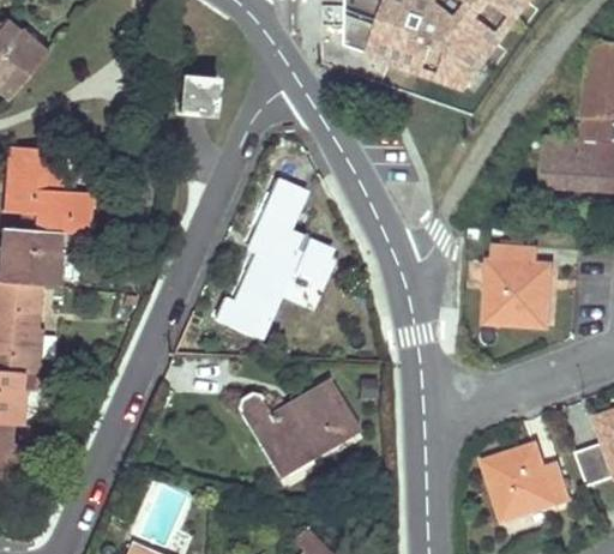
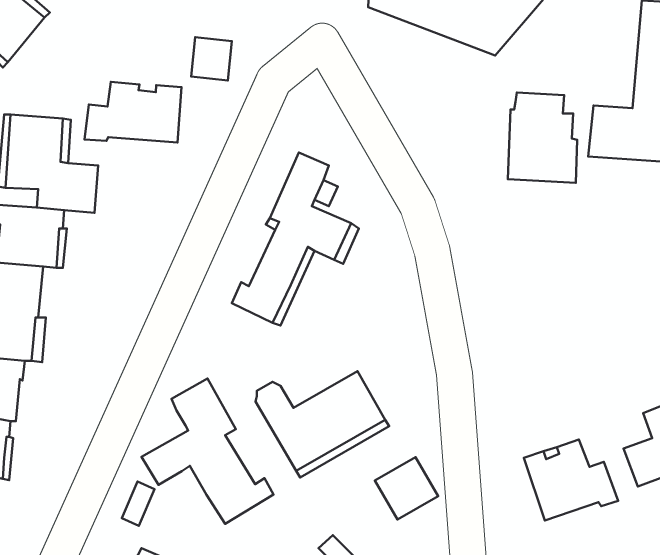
building: none -> [85,82,182,143]
building: [486,242,549,325] -> [508,93,577,183]
building: none -> [141,379,274,524]
building: none -> [375,457,438,520]

